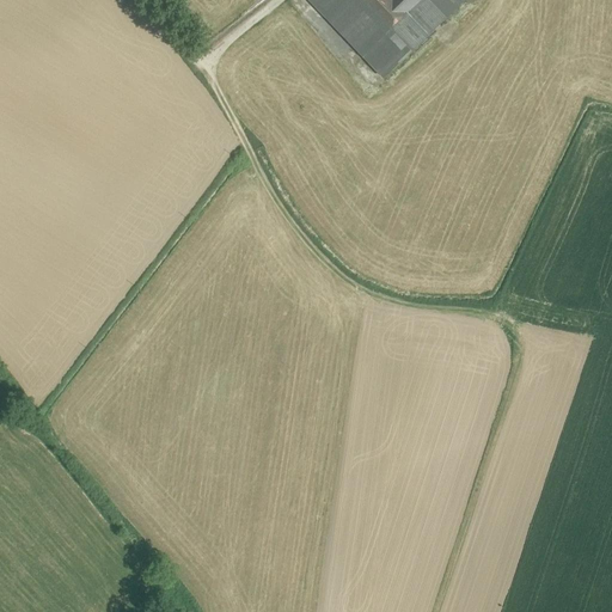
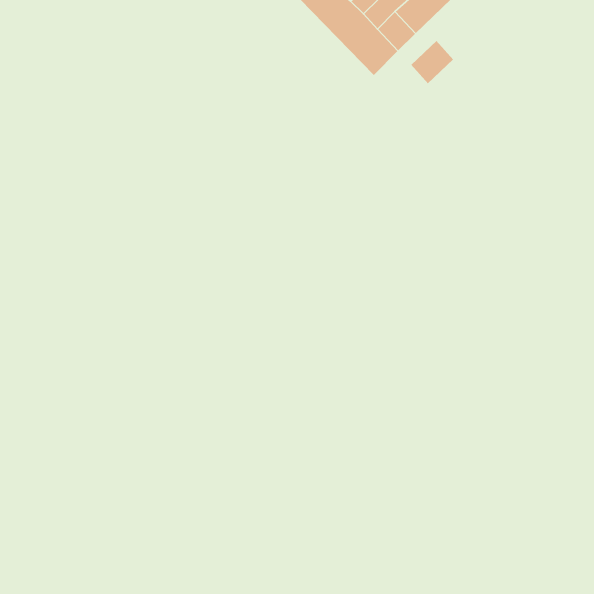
building: none -> [411,40,454,84]

